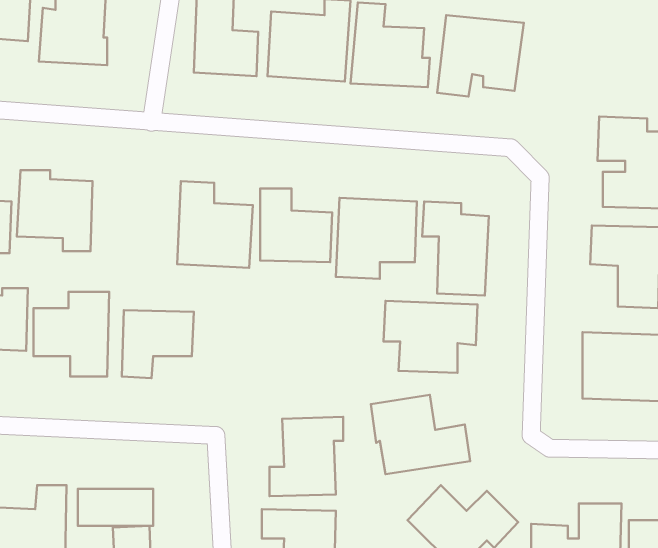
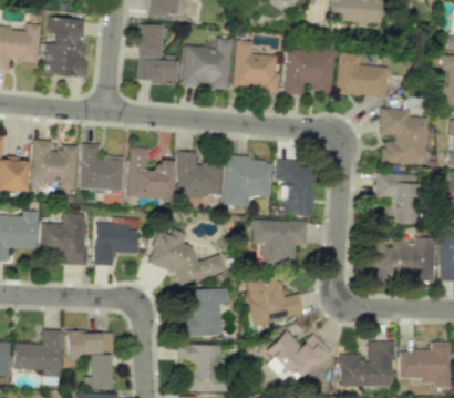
building: none -> [336,52,388,99]
building: none -> [79,144,123,191]
building: none -> [147,229,225,286]

